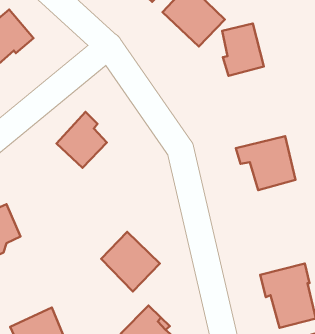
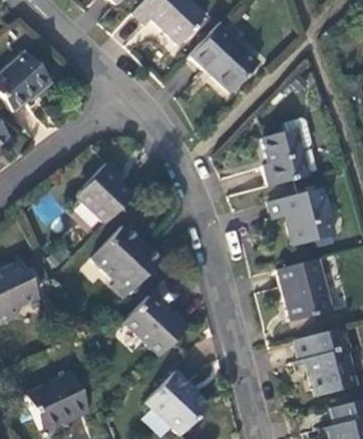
building: [222,24,264,76] -> [264,129,309,185]
building: none -> [93,227,160,298]
building: none -> [278,259,332,321]

